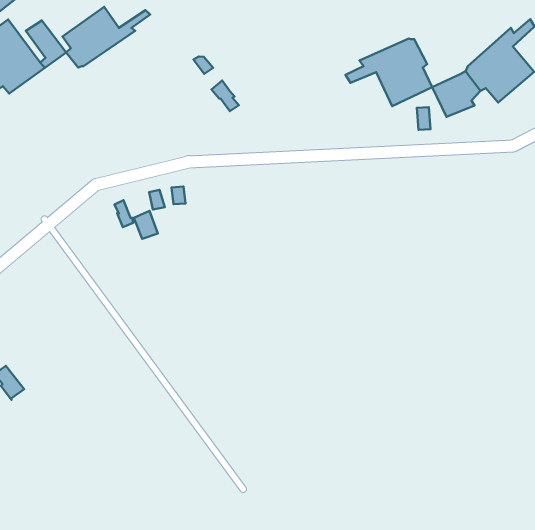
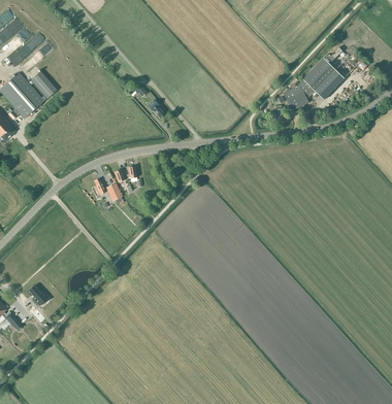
building: [63,7,150,67] -> none
building: [345,39,432,106] -> none

